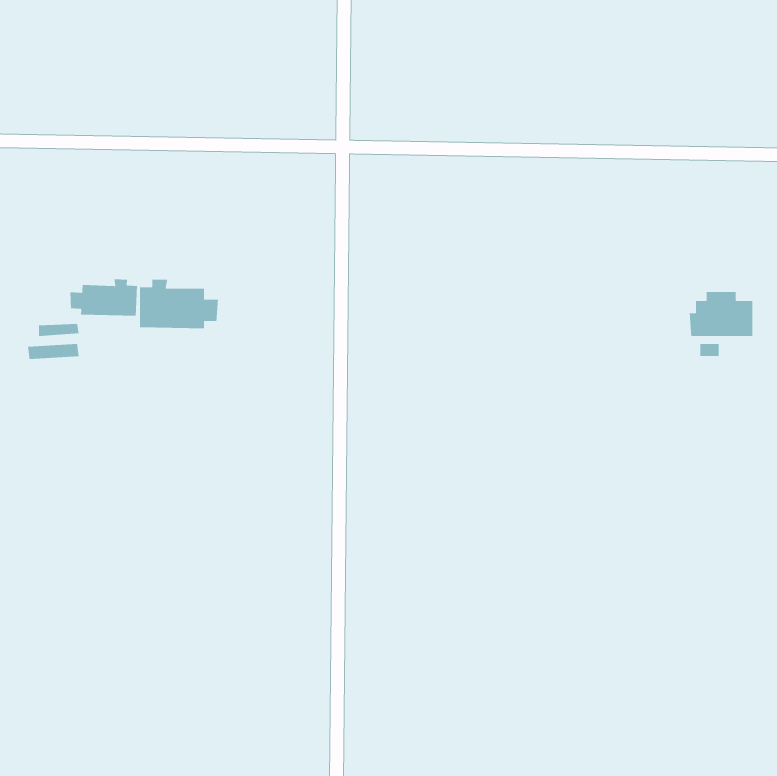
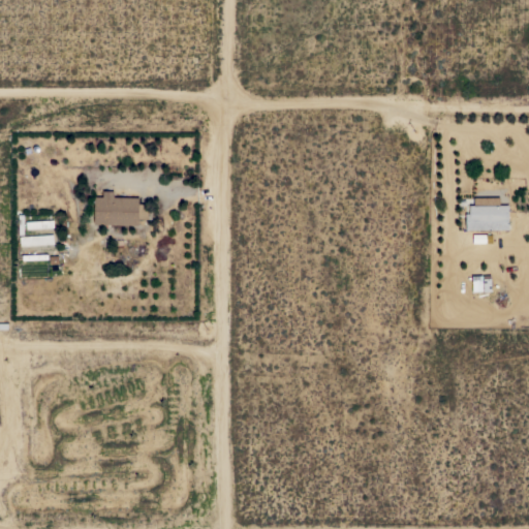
building: [70,279,138,316] -> none

